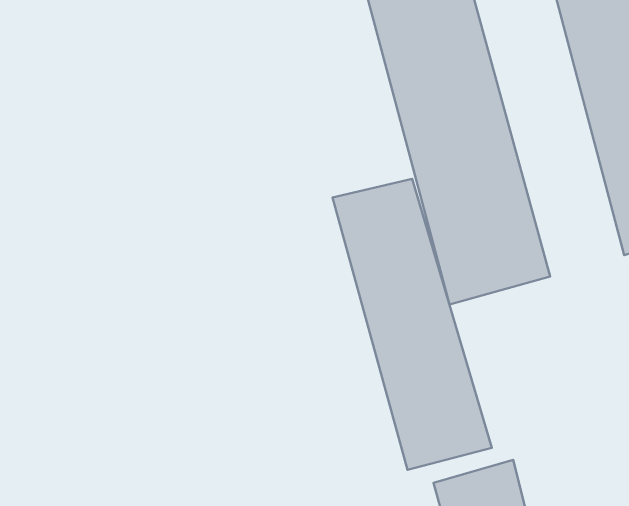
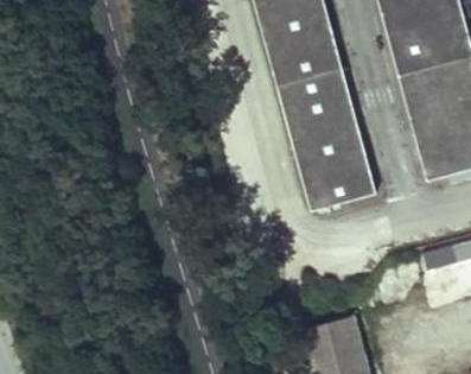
building: [333,179,492,470] -> none

